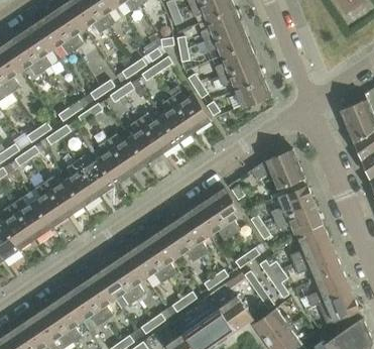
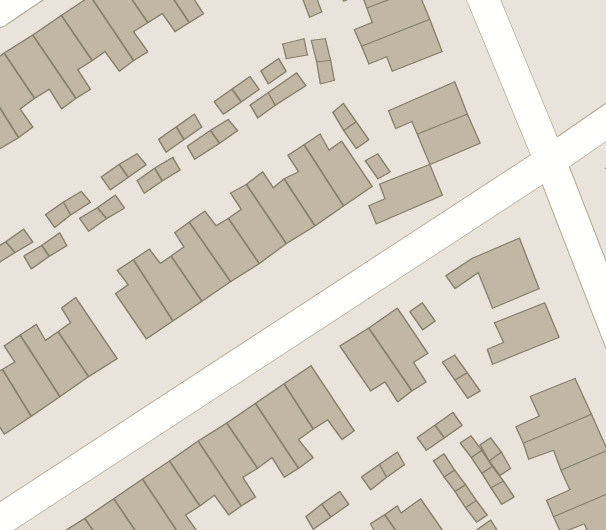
building: [215,44,256,78] -> [369,165,442,224]
building: [43,177,83,217] -> none
building: [277,205,323,235] -> none
building: [175,210,209,257] -> none

